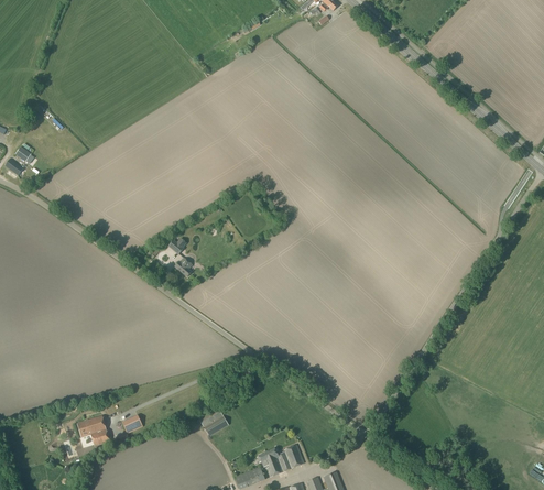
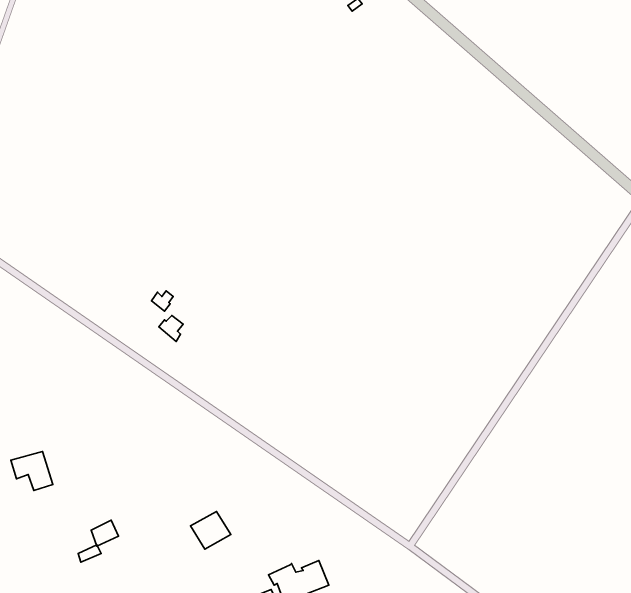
building: [77,416,109,446] -> [11,451,53,490]

